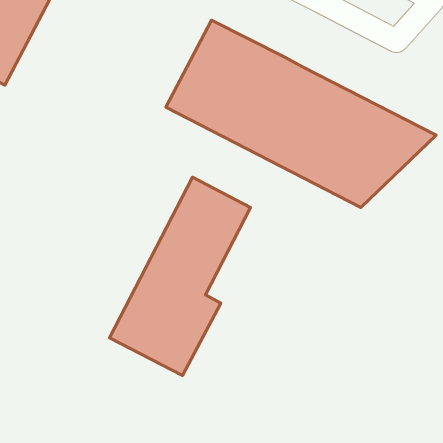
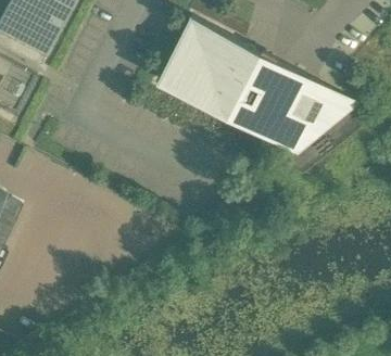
building: [110,177,251,375] -> none

